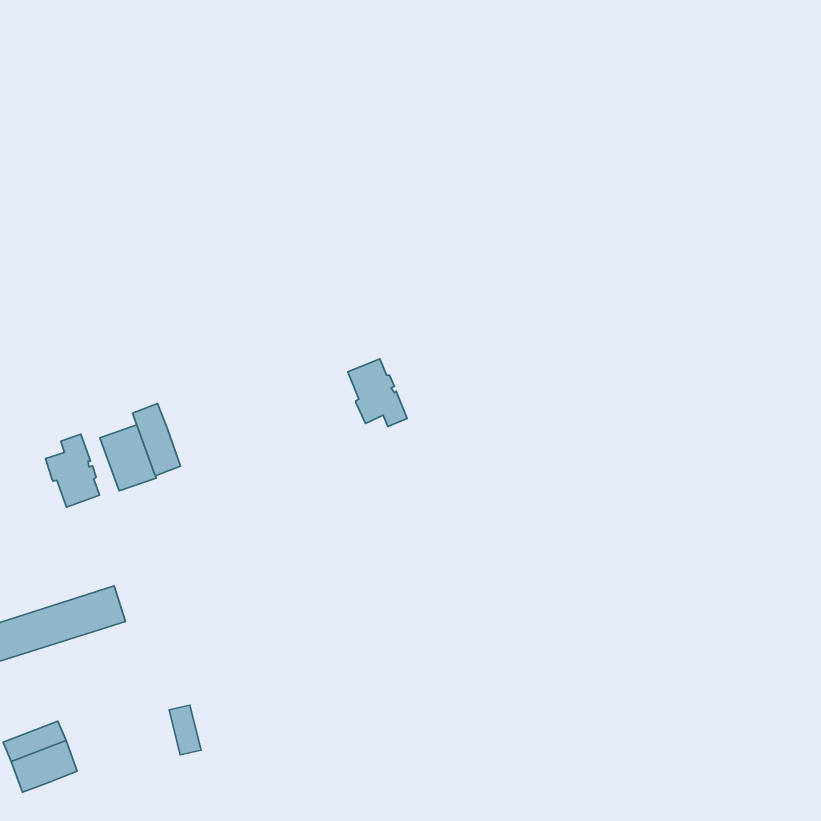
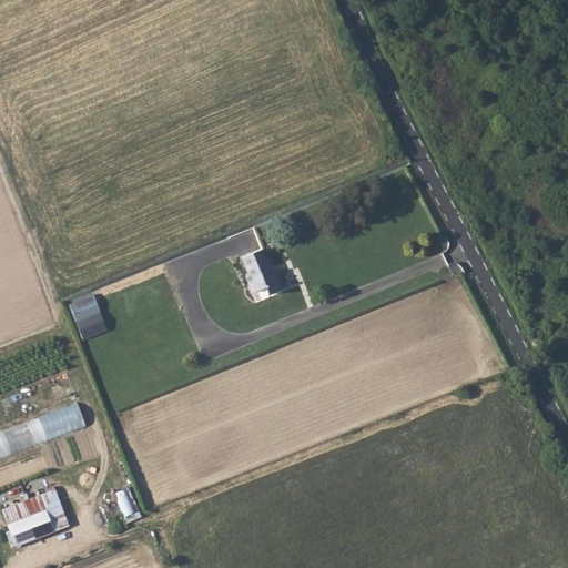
building: [133,404,180,476] -> none
building: [46,434,100,507] -> none
building: none -> [40,490,68,531]

